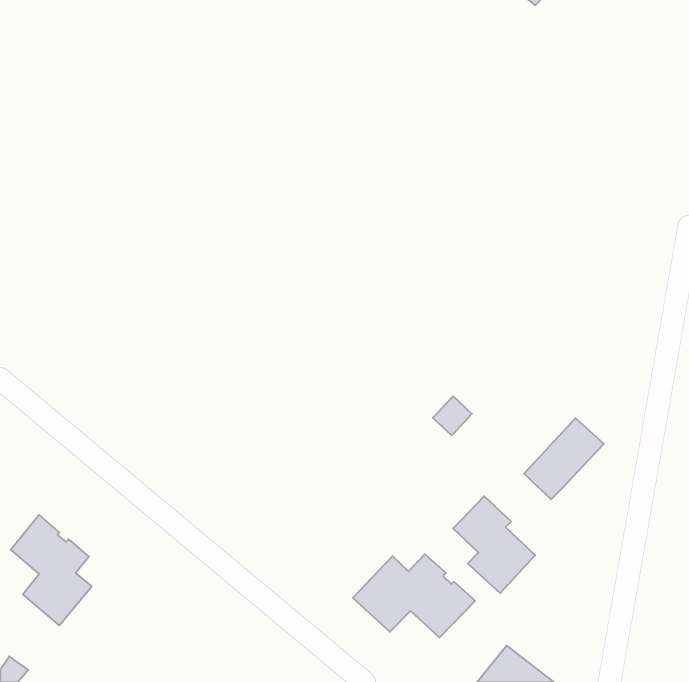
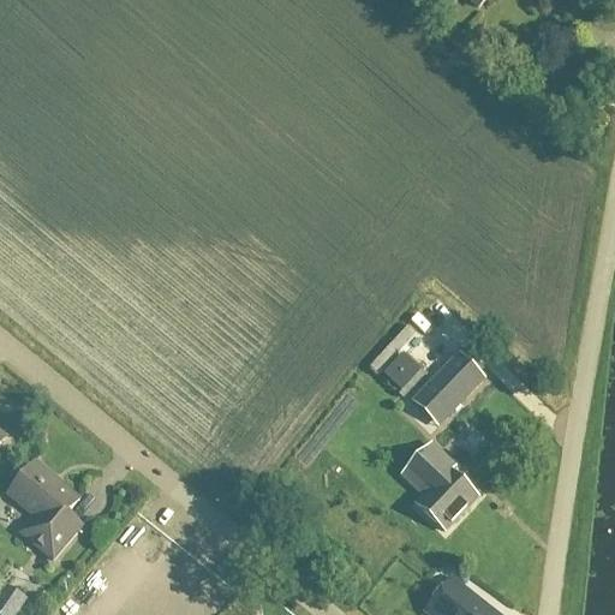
building: [524,418,604,499] -> [413,351,484,423]
building: [353,554,475,638] -> none

